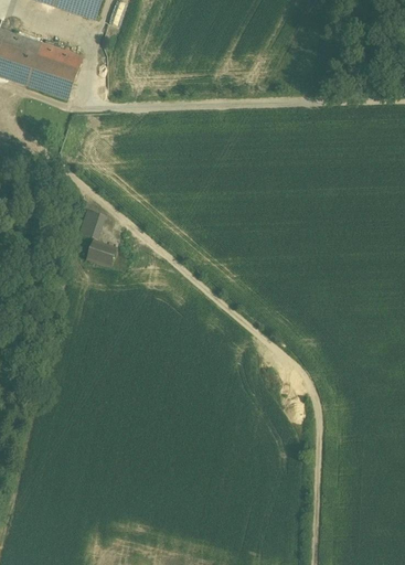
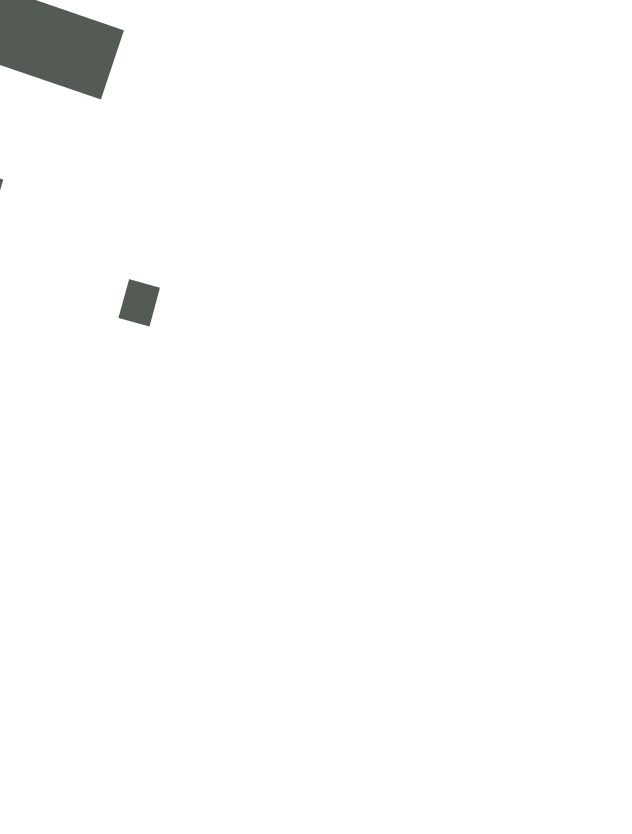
building: [86,241,115,265] -> none

